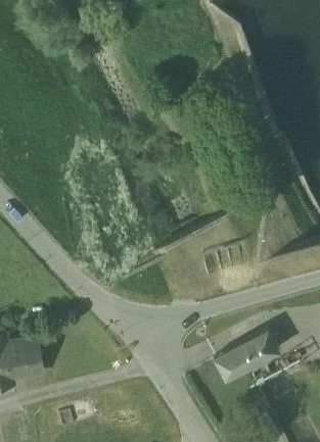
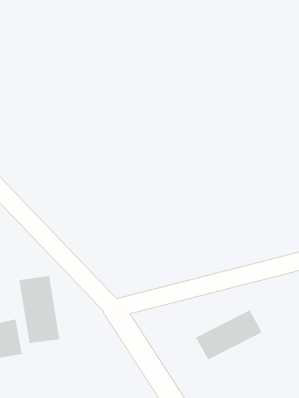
building: none -> [19,275,60,344]

